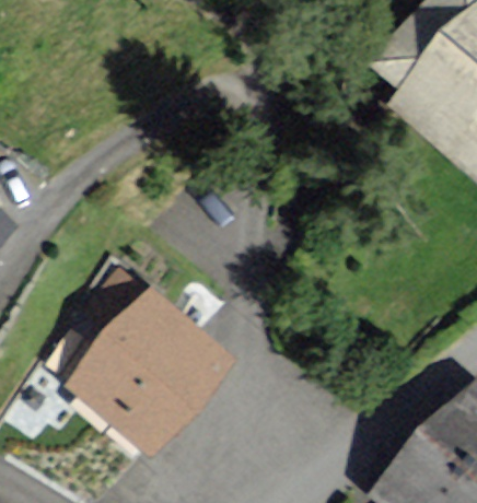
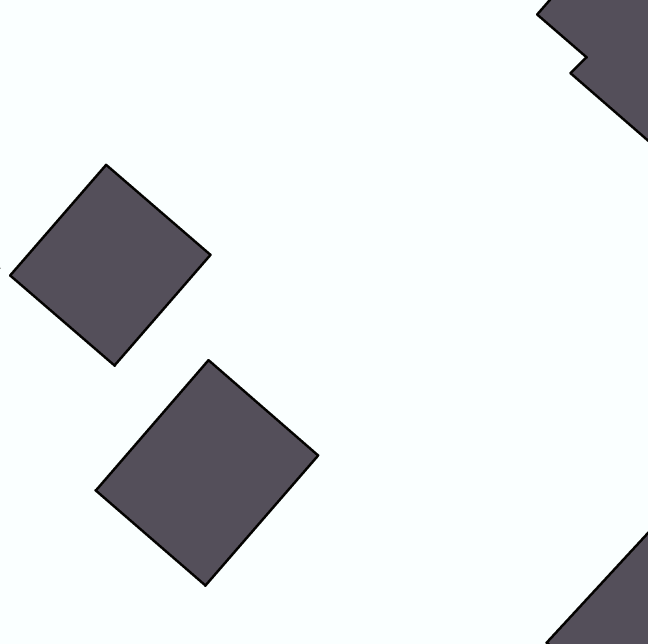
building: none -> [10,165,210,366]

